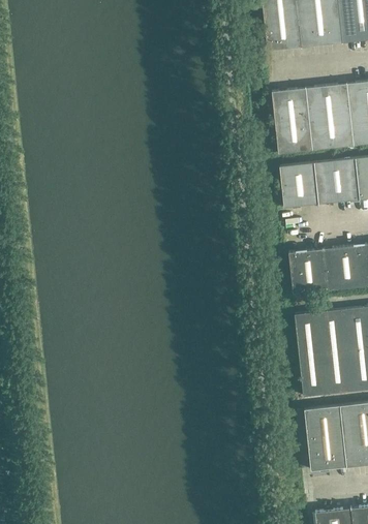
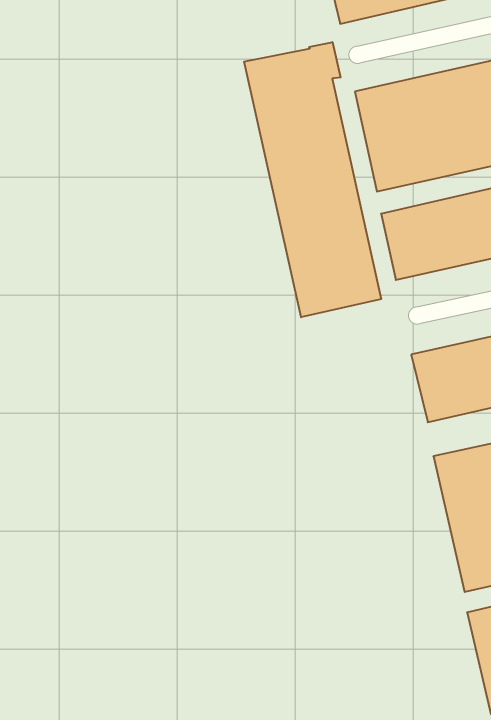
building: none -> [244,42,381,317]

